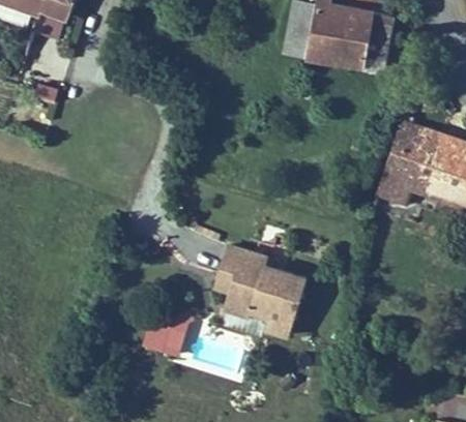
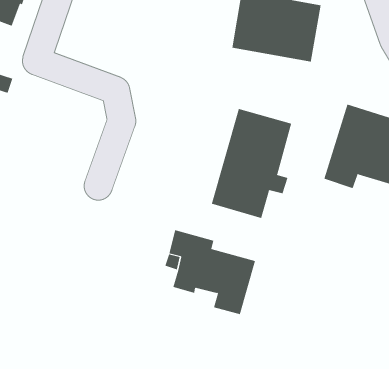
building: none -> [211,108,292,219]
building: [144,308,196,354] -> none

